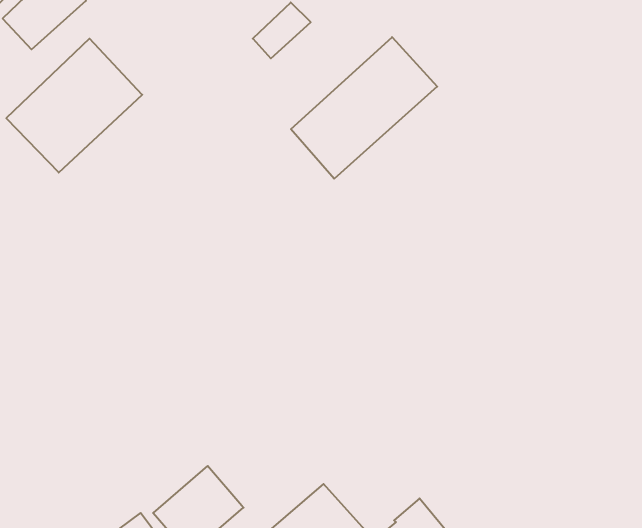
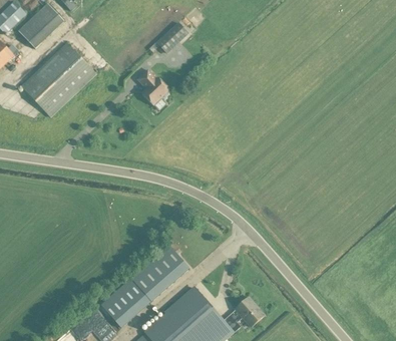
building: [291,37,437,179] -> none
building: none -> [137,69,169,105]
building: none -> [130,245,188,301]

